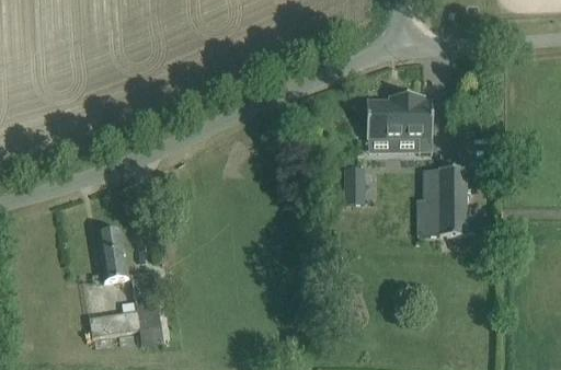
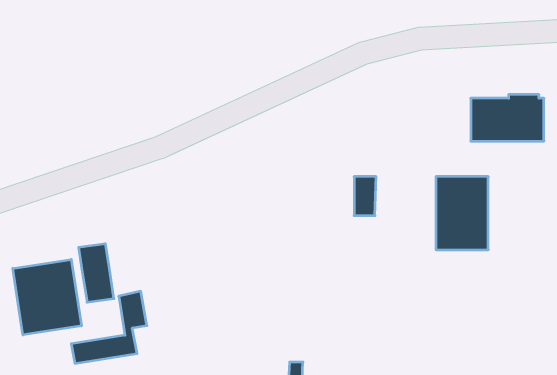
building: [356,97,422,139] -> [471,95,544,141]
building: none -> [13,259,81,335]

